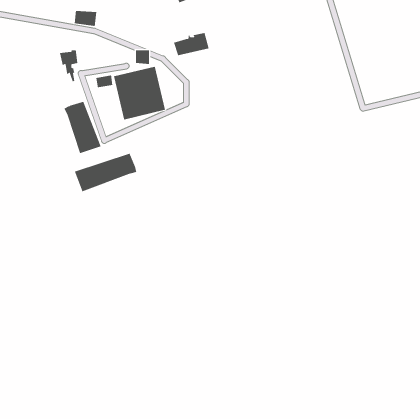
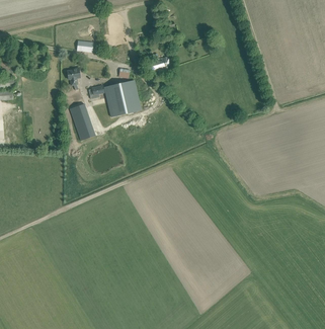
building: [74,153,137,192] -> none

